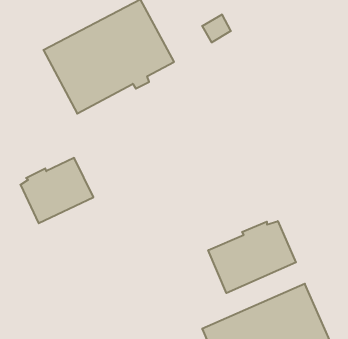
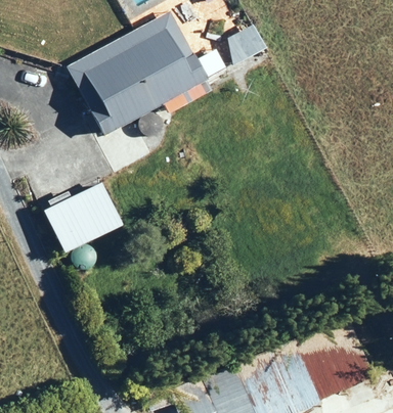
building: [208,221,296,293] -> none

